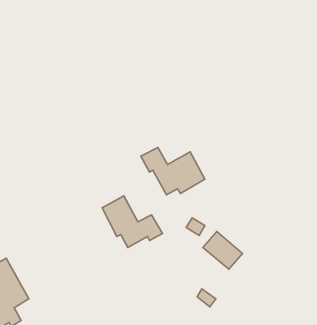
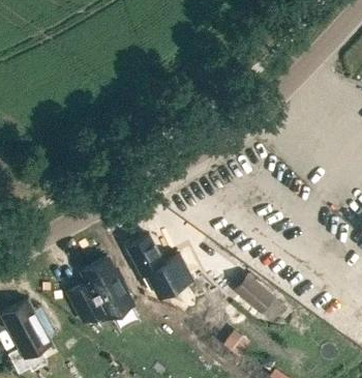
building: [141,148,205,195] -> none
building: none -> [70,259,134,323]

